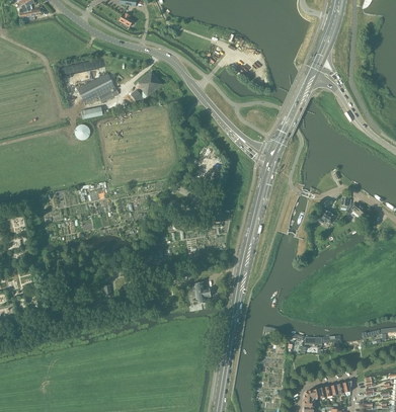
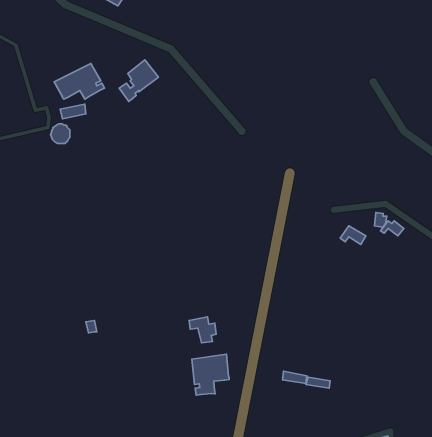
building: none -> [192,354,229,395]

